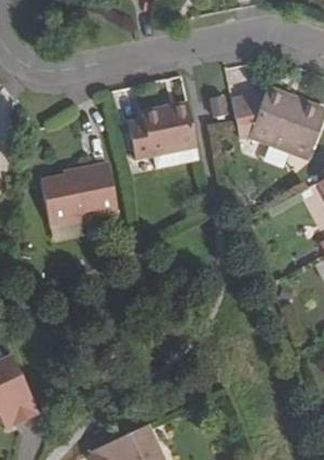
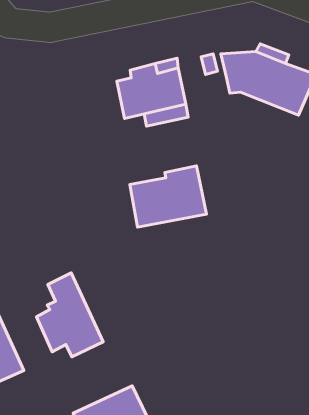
building: [40,164,117,225] -> [130,166,207,227]
building: none -> [37,273,103,357]

